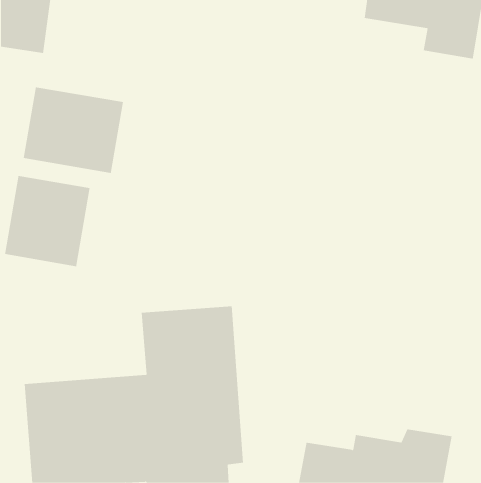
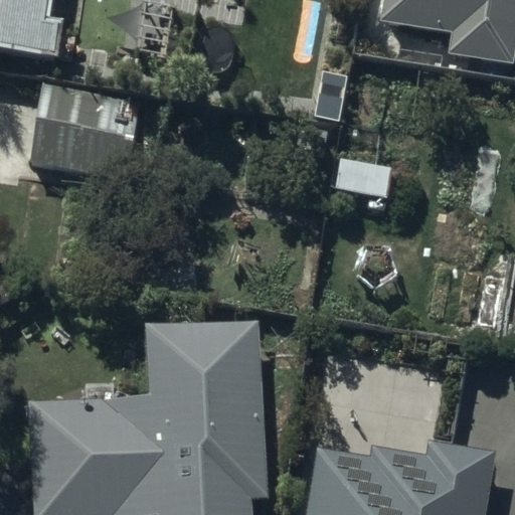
building: [5,175,90,267] -> none

